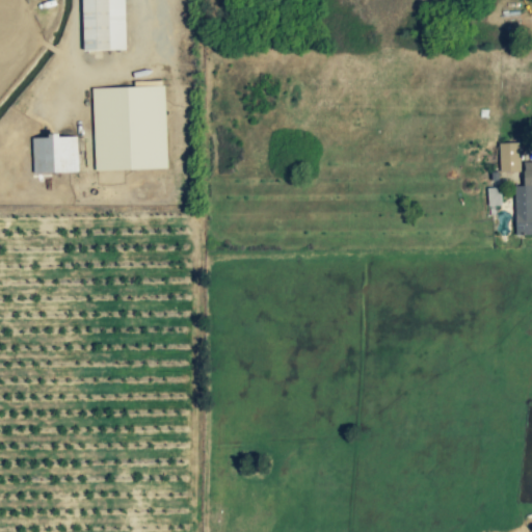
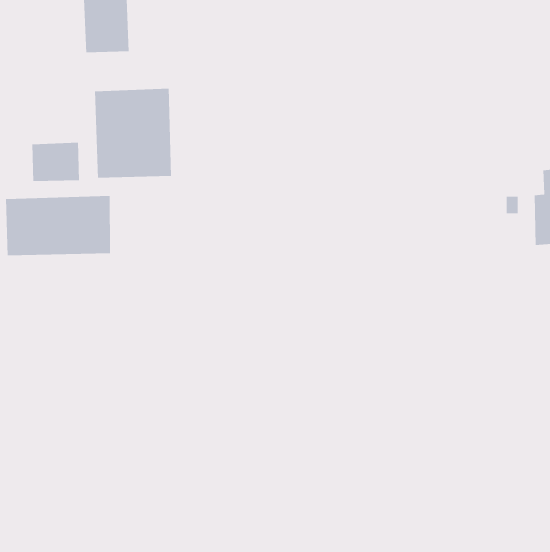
building: [500,143,521,174] -> none
building: none -> [5,195,111,256]

